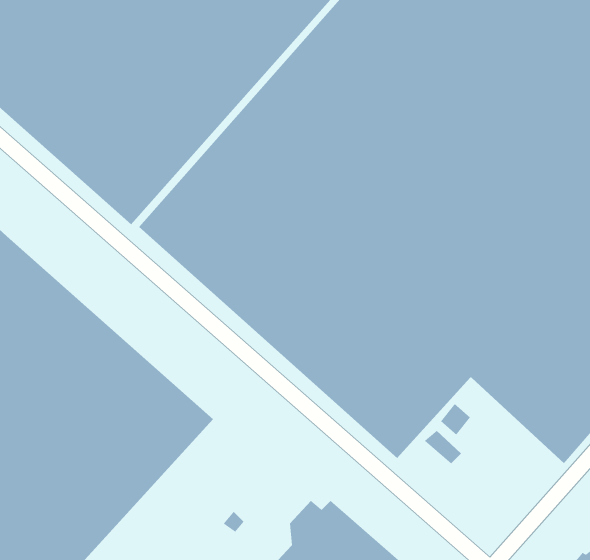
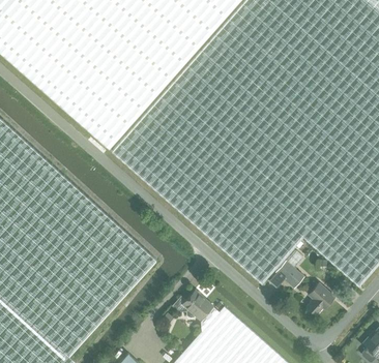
building: none -> [307,282,334,313]
building: none -> [172,290,212,319]

